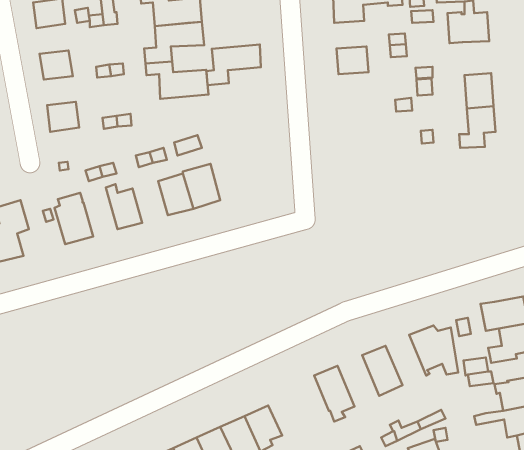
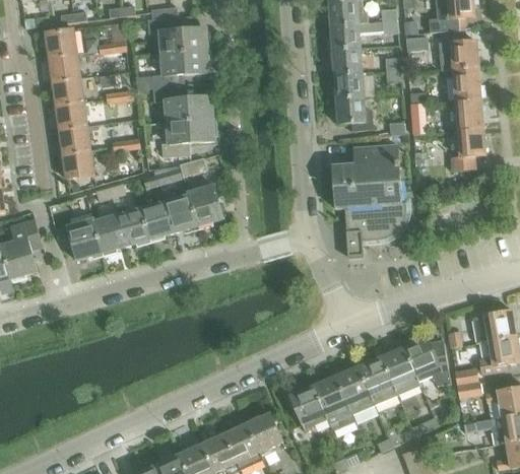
building: none -> [332,49,363,75]
building: none -> [49,52,79,80]
building: none -> [454,68,481,100]
building: [206,45,261,85] -> [161,119,213,157]
building: none -> [336,97,373,131]
building: none -> [56,101,86,129]
building: none -> [332,146,405,257]
building: none -> [62,150,93,179]
building: none -> [140,201,174,241]
building: none -> [93,214,126,254]
building: none -> [381,347,419,395]
building: none -> [335,366,375,415]
building: none -> [289,386,327,428]

